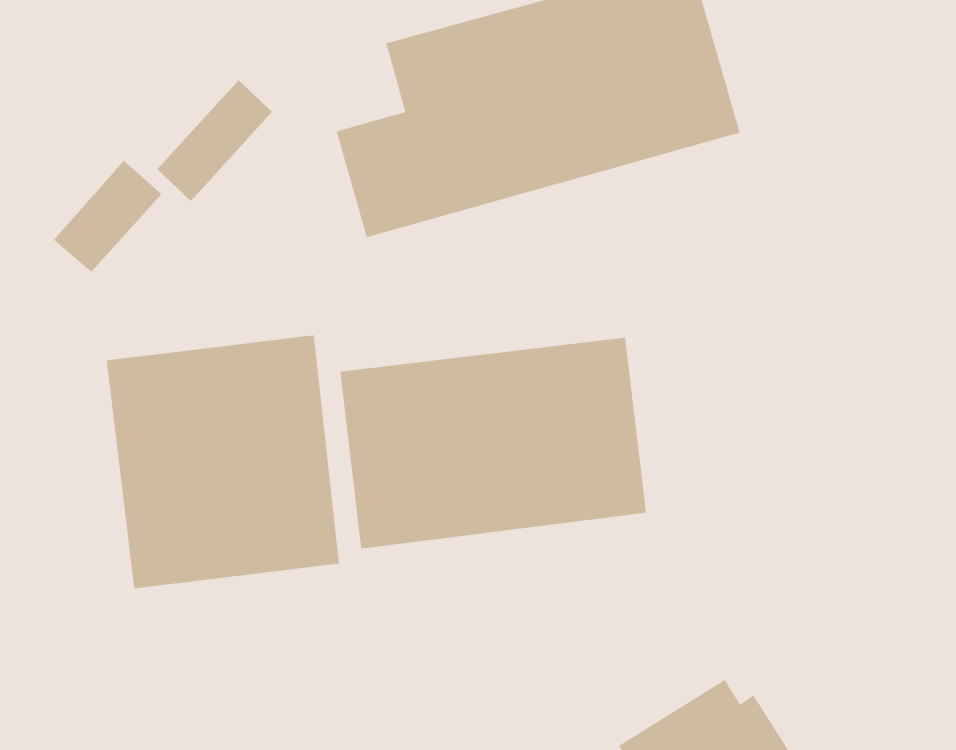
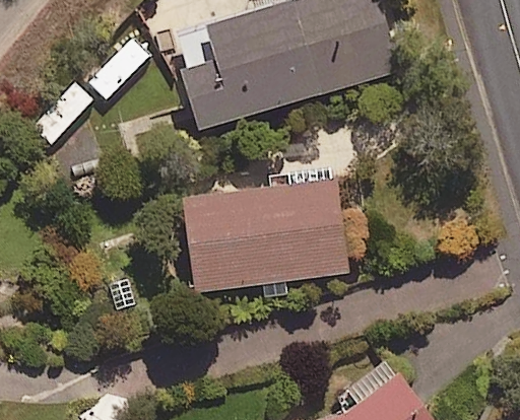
building: [106,335,339,589] -> none

